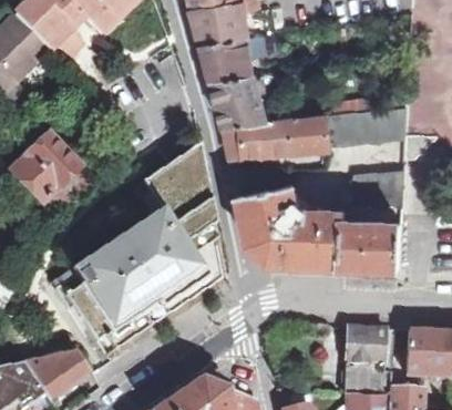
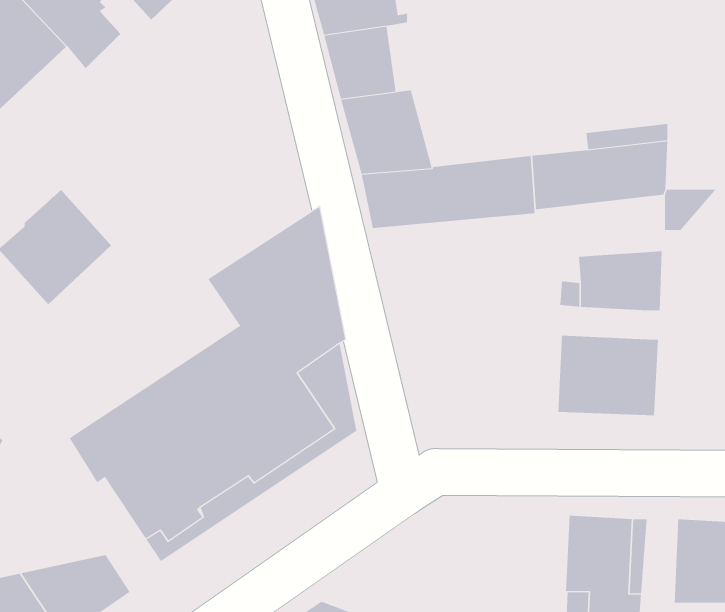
building: [238,183,342,266] -> none

